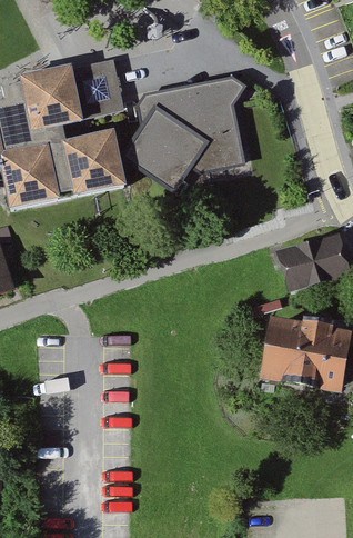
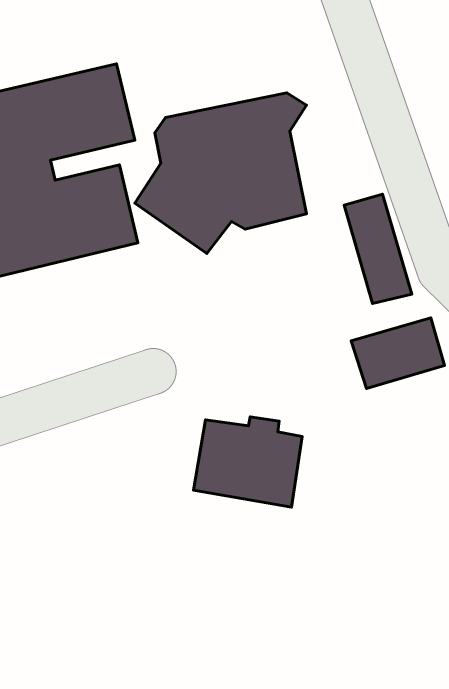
building: none -> [344,194,412,303]
building: [266,322,345,388] -> [193,417,302,507]

